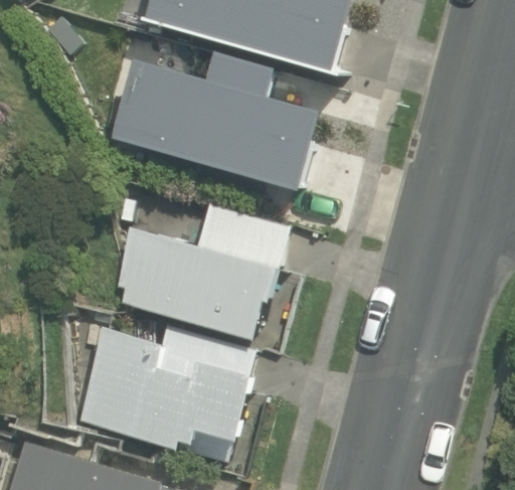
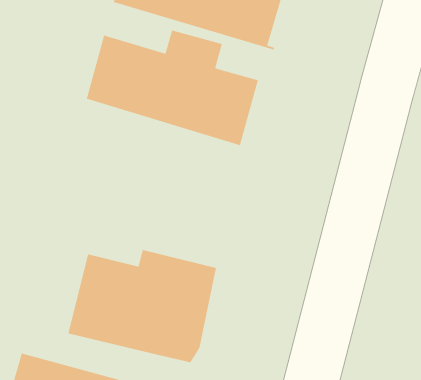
building: [123,192,299,336] -> none

